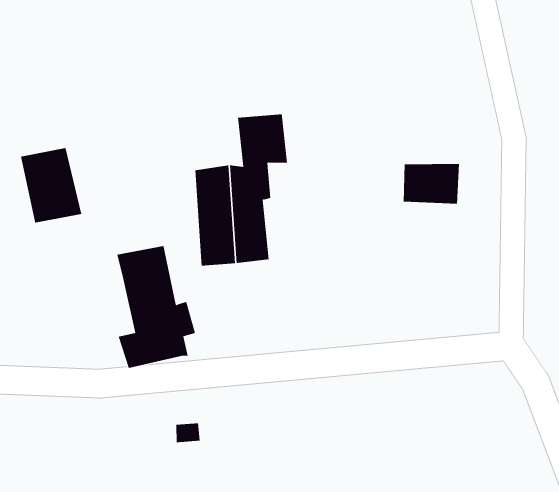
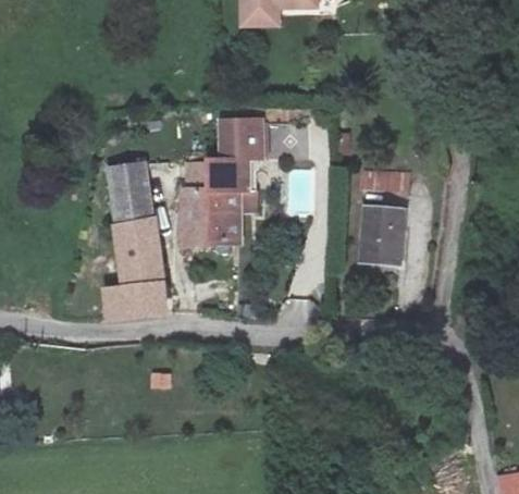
building: [20,148,82,223] -> [108,164,156,225]
building: none -> [354,214,404,279]

